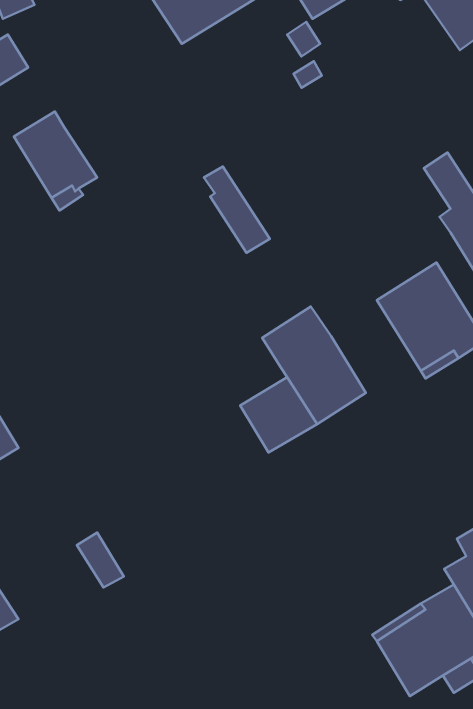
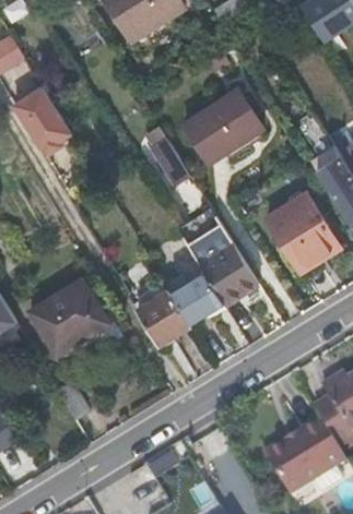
building: none -> [183,88,263,163]
building: none -> [30,279,107,355]
building: none -> [136,289,190,345]

